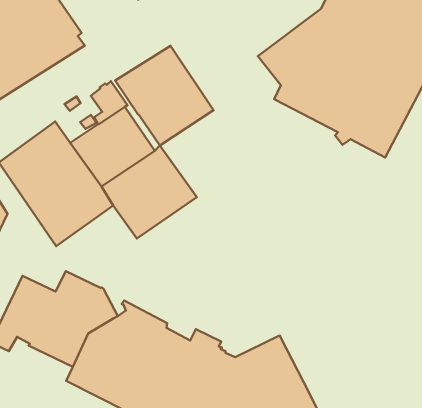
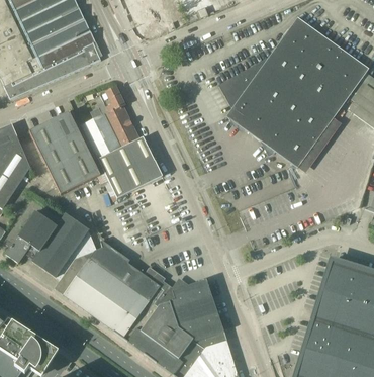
building: [115,46,214,146] -> none

